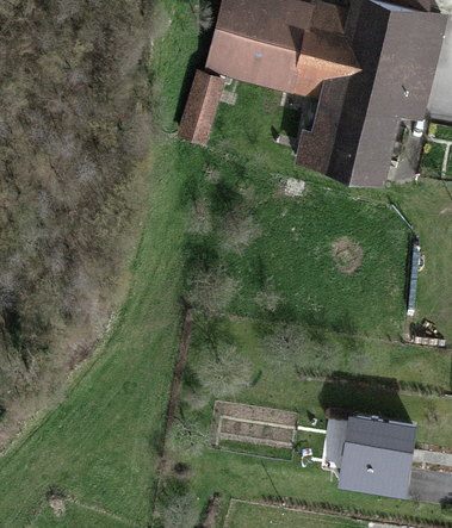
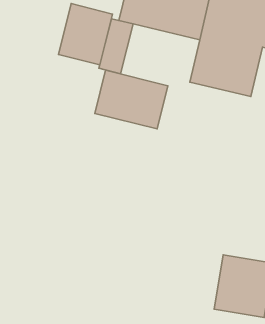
building: none -> [59,4,113,65]
building: none -> [95,70,168,129]

